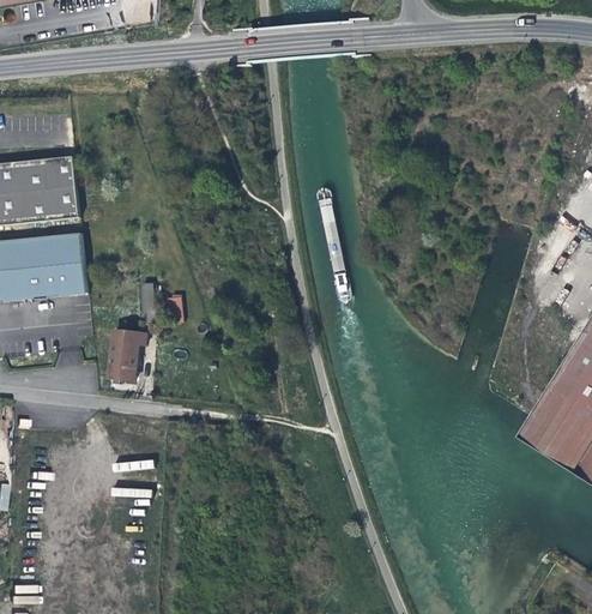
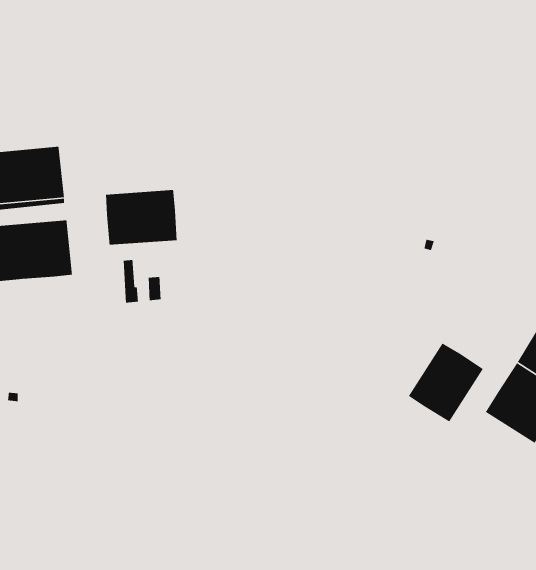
building: none -> [105,189,177,246]
building: [109,329,146,379] -> none
building: none -> [408,342,484,423]

